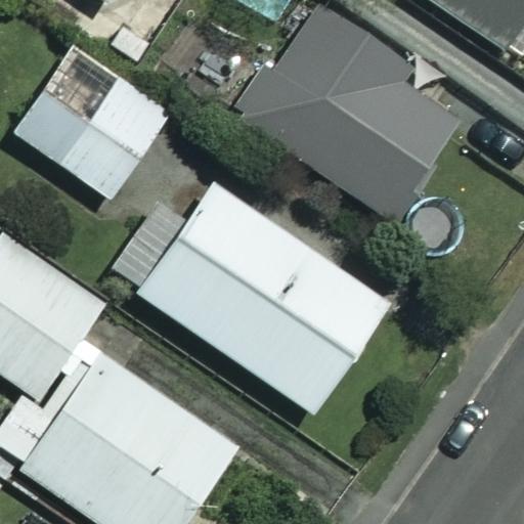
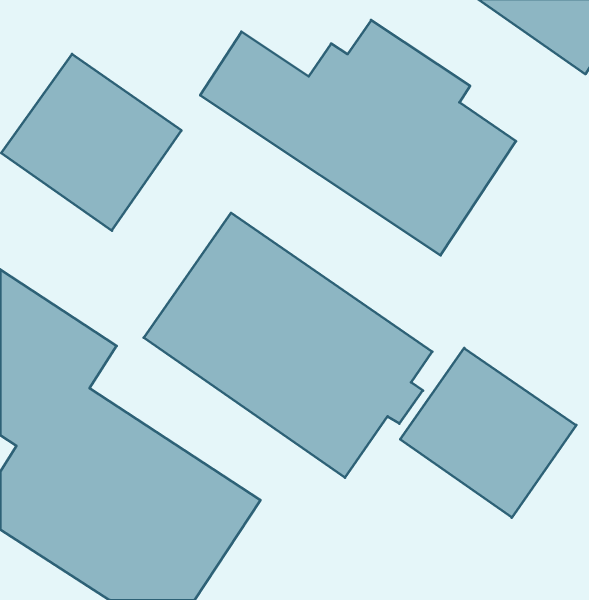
building: none -> [400,348,576,518]

